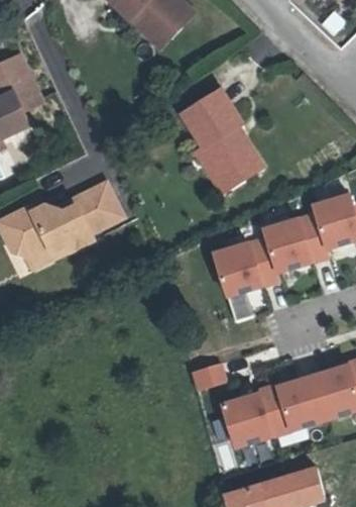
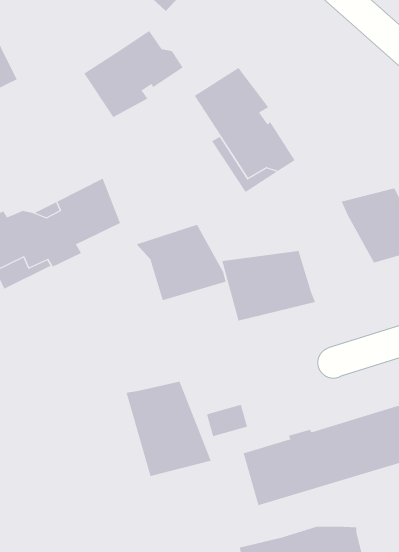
building: none -> [84,30,184,118]
building: [258,212,331,274] -> [136,224,226,301]
building: none -> [126,381,212,477]

